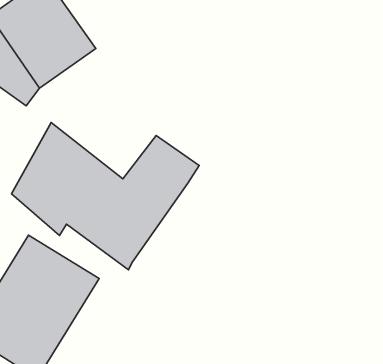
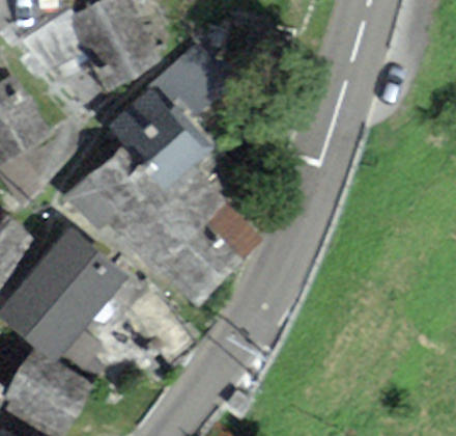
building: none -> [109,43,229,189]
building: none -> [162,203,266,308]

